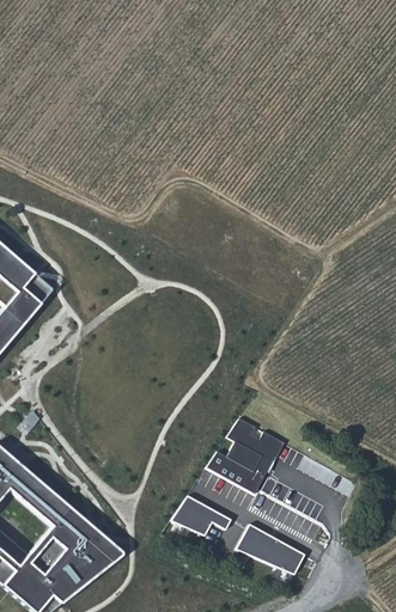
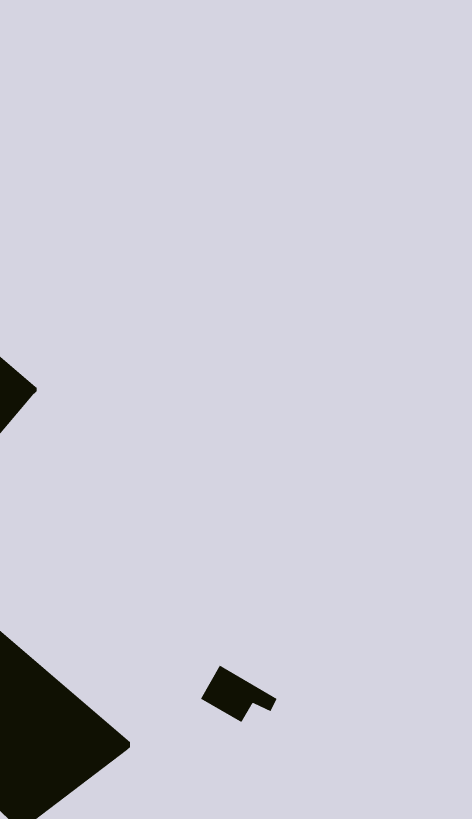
building: [207,415,286,494] -> none
building: [236,524,305,571] -> none

